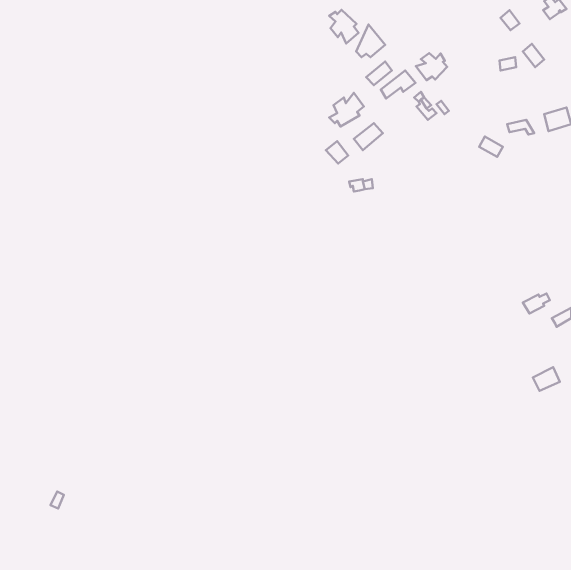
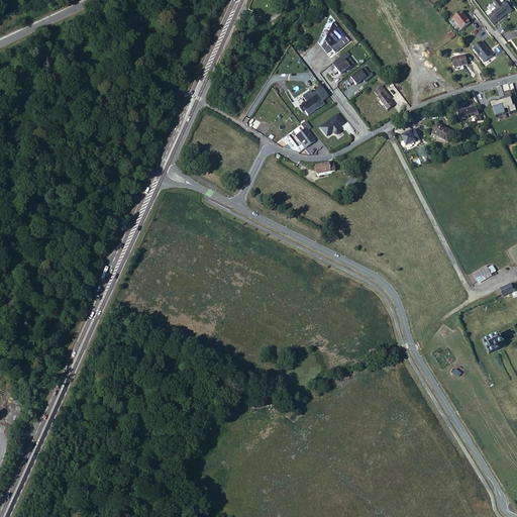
building: [329,10,359,43] -> none
building: [416,53,447,80] -> none

